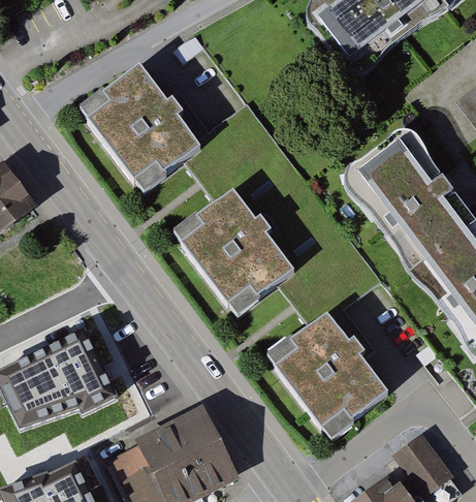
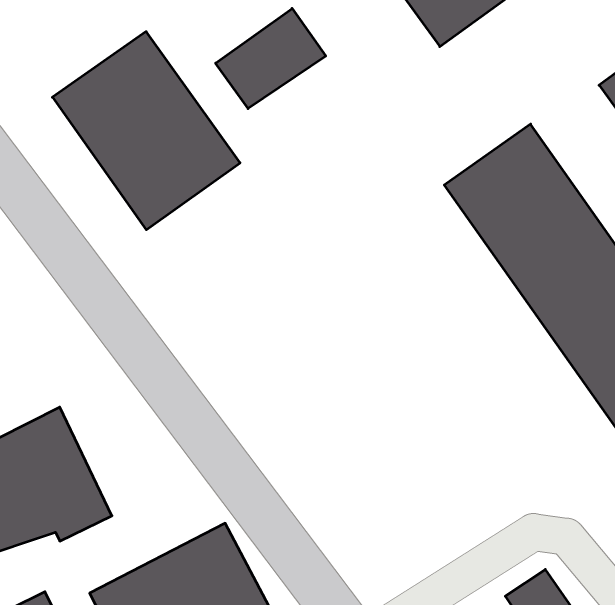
building: none -> [216,8,326,109]
building: [170,183,299,318] -> none
building: [262,304,393,440] -> none

